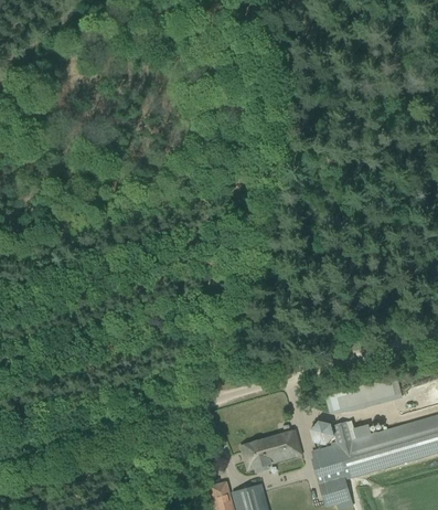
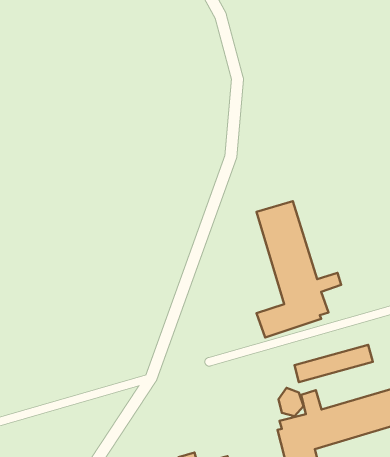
building: none -> [256,201,341,338]
building: [242,429,302,470] -> none

